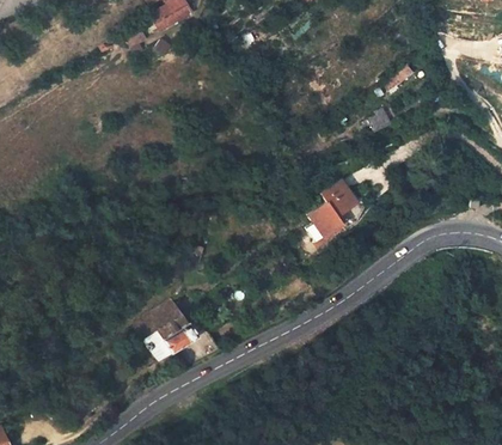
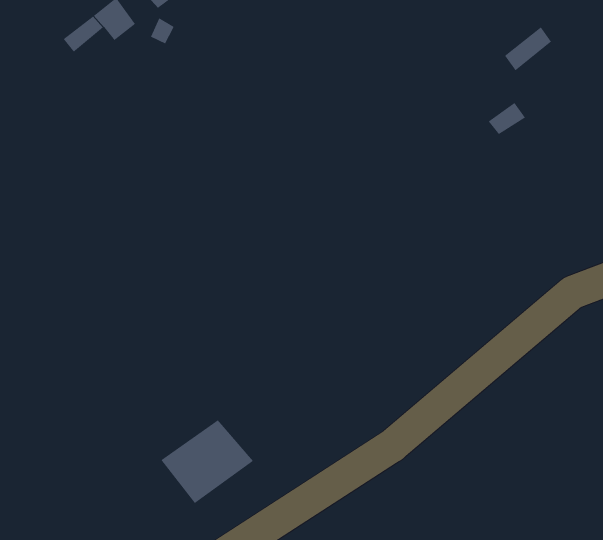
building: [306,182,357,243] -> none

